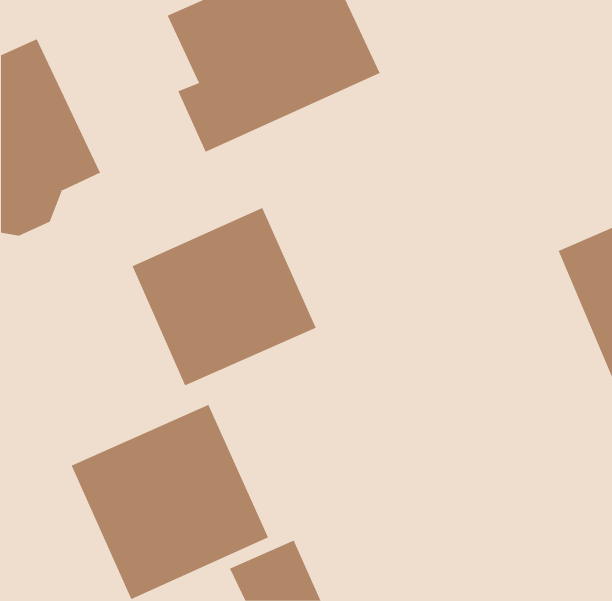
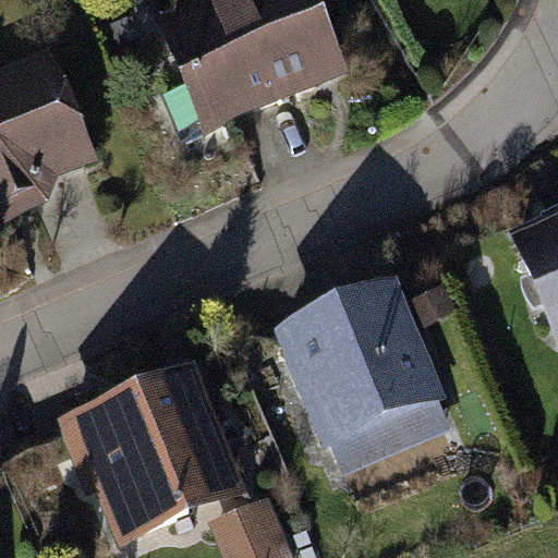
building: [132,207,317,386] -> none
building: none -> [271,278,456,470]

